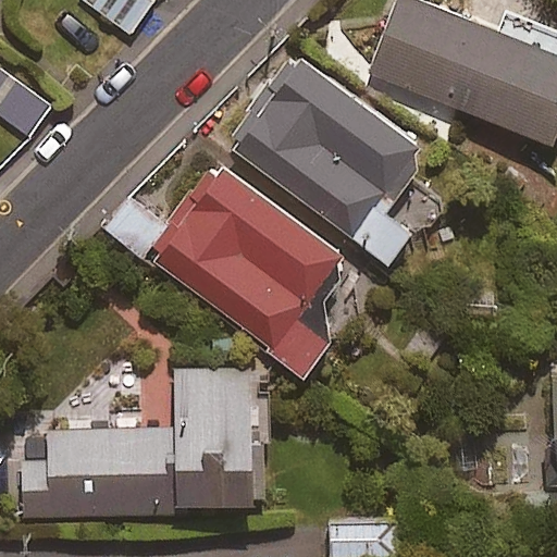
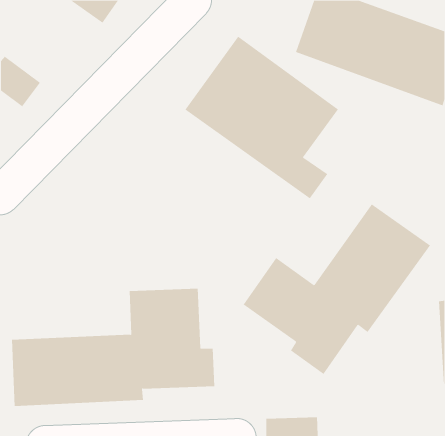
building: [106,161,347,379] -> none
building: none -> [243,204,431,375]

